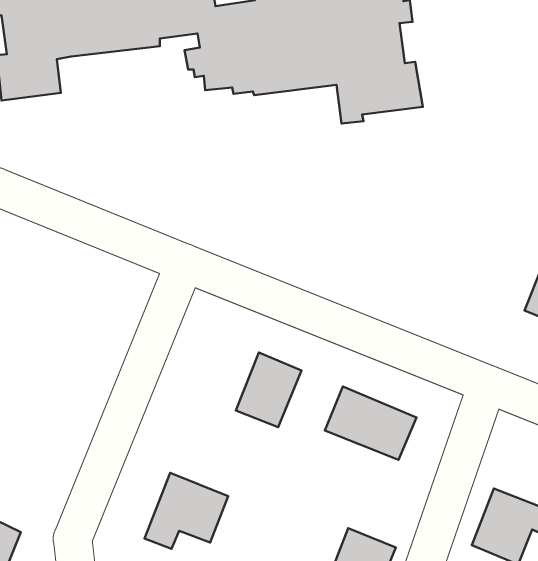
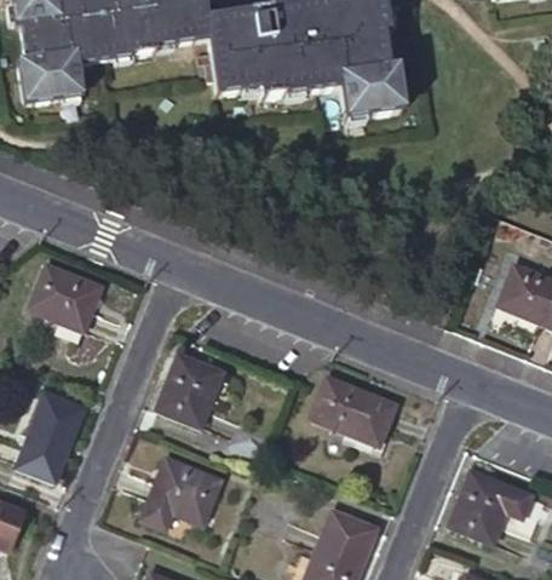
building: none -> [29,264,104,331]
building: [236,353,301,427] -> [157,354,219,424]
building: none -> [17,392,87,482]

